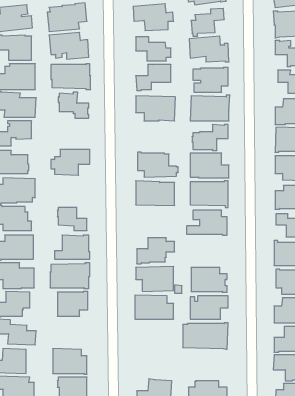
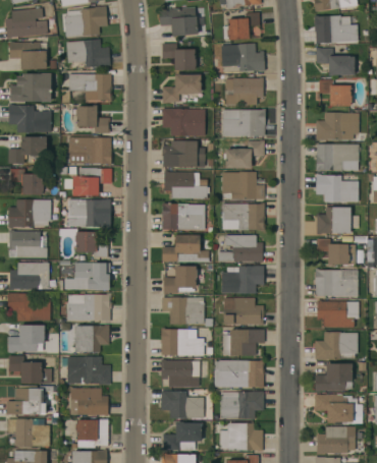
building: none -> [61,137,111,165]
building: none -> [162,140,206,167]
building: none -> [59,199,111,228]
building: none -> [162,235,209,263]
building: none -> [221,266,264,294]
building: none -> [67,356,110,385]
building: none -> [161,359,199,387]
building: none -> [220,391,264,419]
building: none -> [161,392,204,418]

